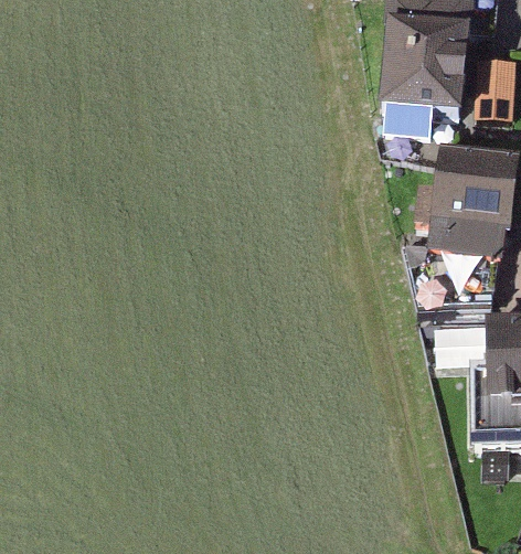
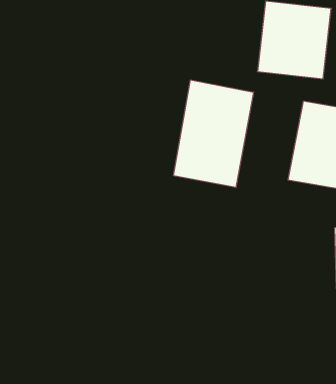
building: none -> [174,80,253,188]

